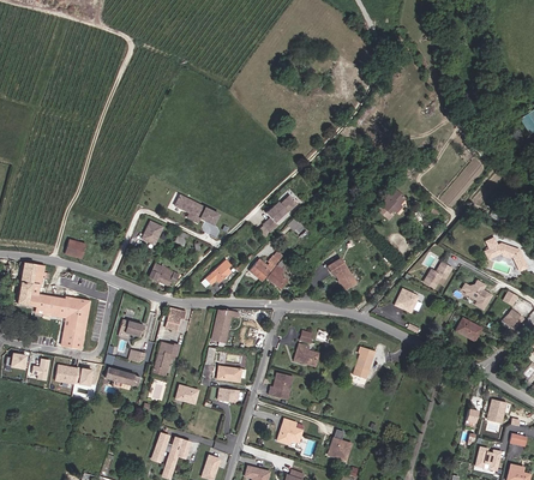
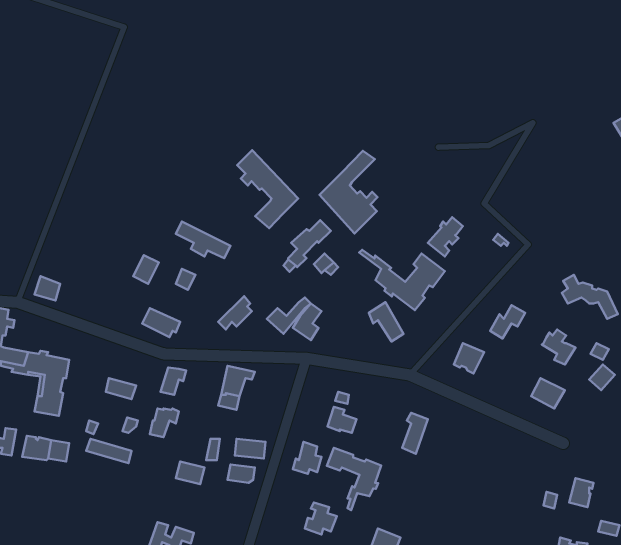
building: none -> [237,150,298,228]
building: none -> [319,151,378,234]
building: none -> [359,250,445,310]
building: none -> [327,448,381,510]

